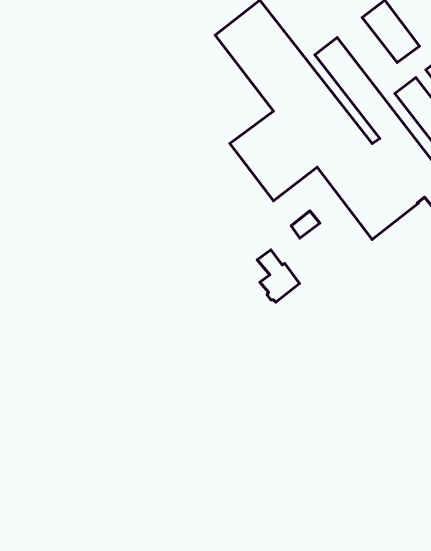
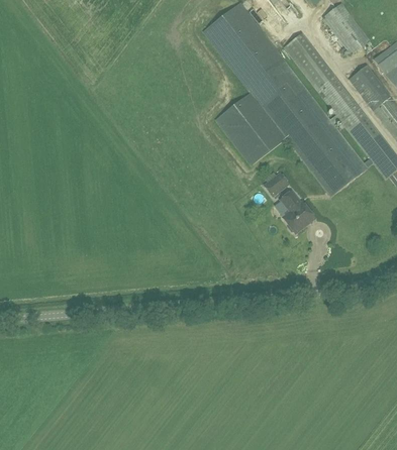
building: [257,250,300,302] -> [280,190,314,232]

